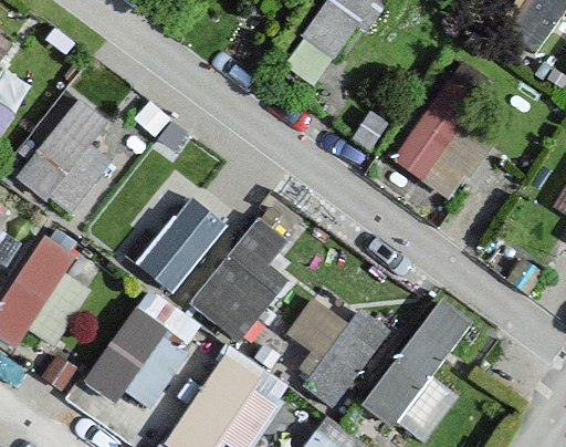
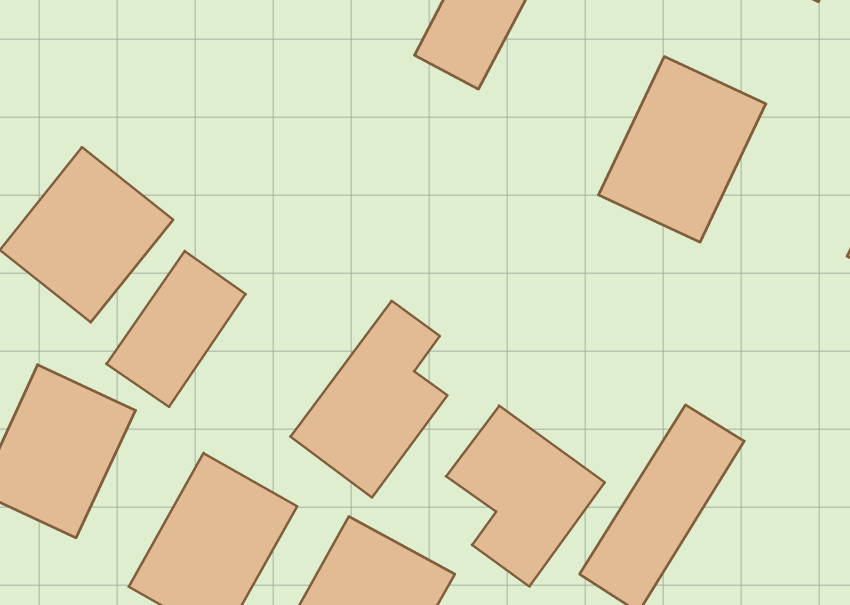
building: [136,195,227,292] -> [106,251,246,407]

